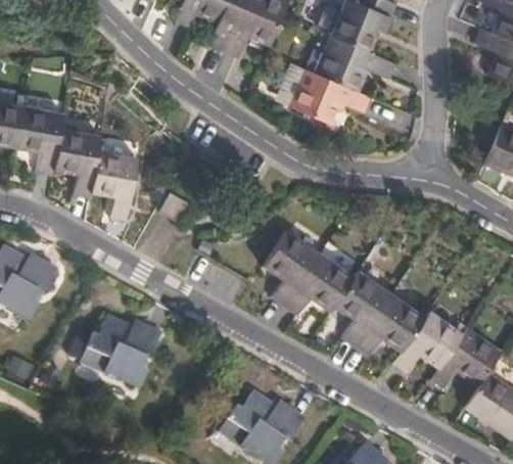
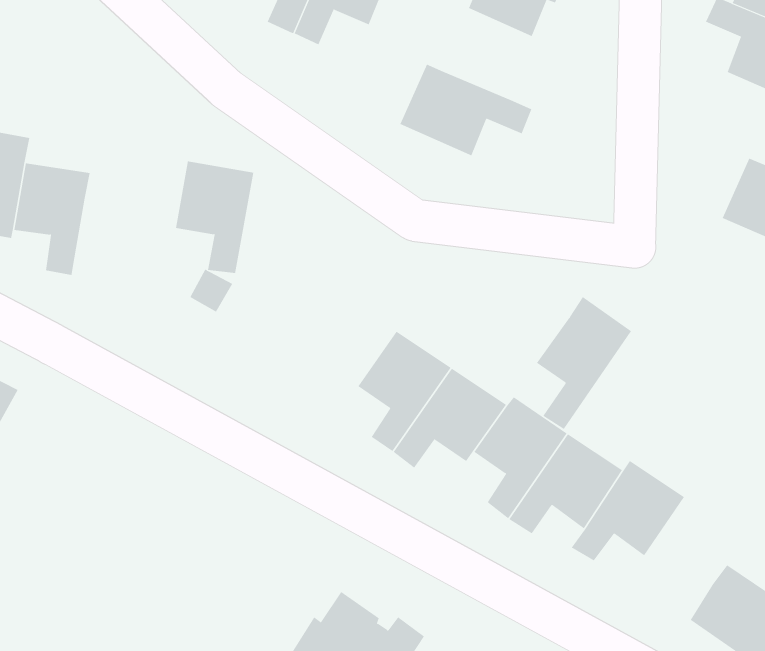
building: [315,35,395,91] -> none
building: [91,150,139,219] -> [175,161,254,273]
building: none -> [536,296,632,430]
building: [68,316,161,384] -> none
building: [431,327,504,387] -> none

